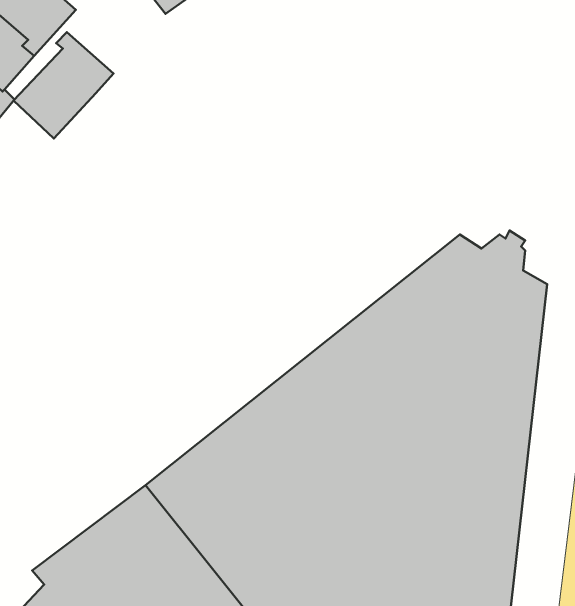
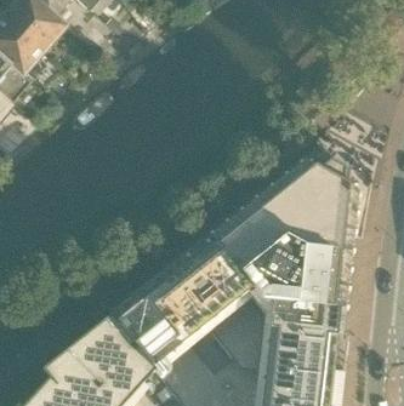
building: [14,32,113,139] -> none

